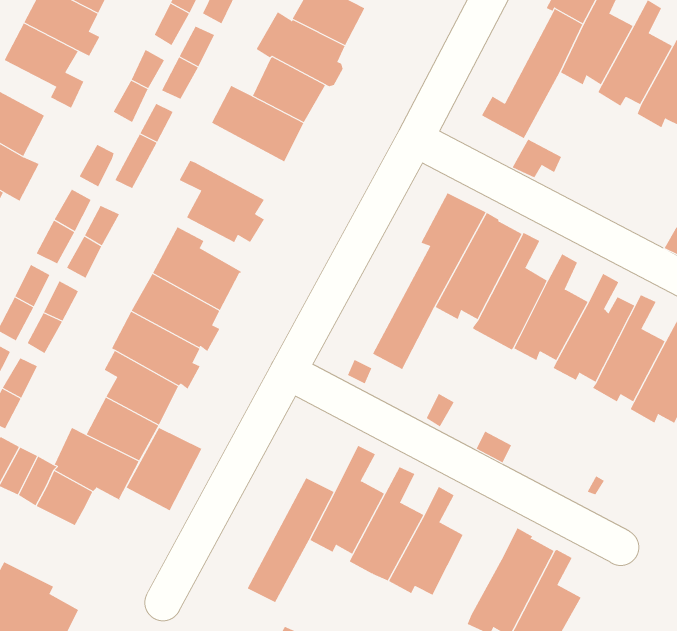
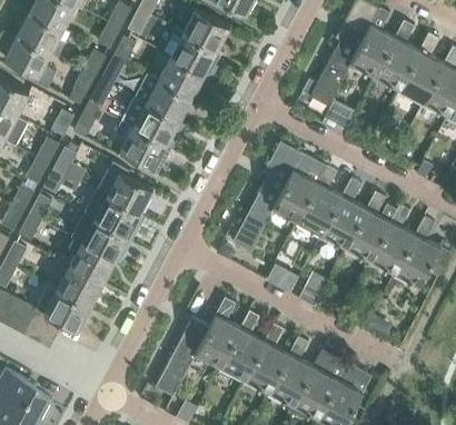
building: none -> [120,96,179,147]
building: [126,427,202,511] -> none
building: none -> [268,336,315,403]

